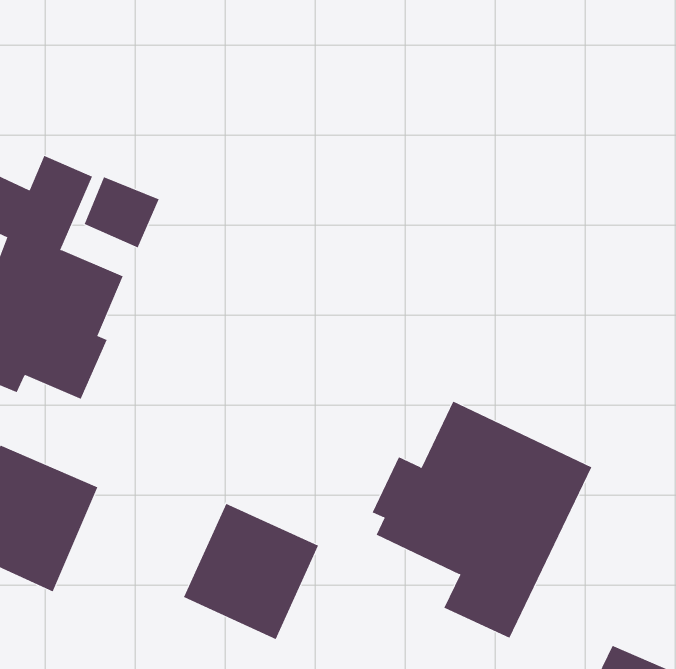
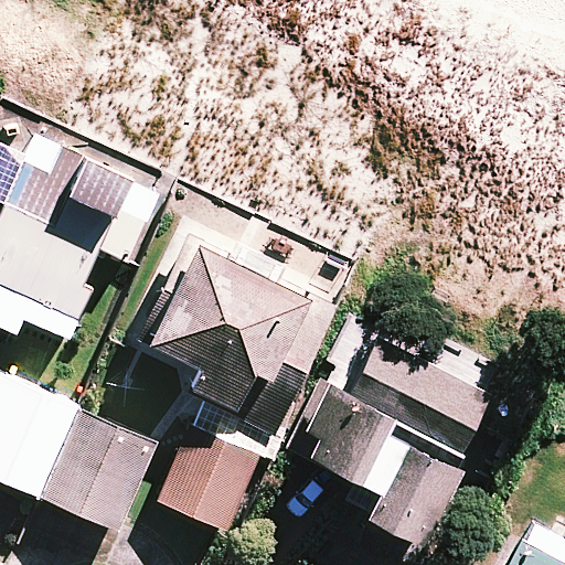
building: none -> [145,239,334,439]
building: none -> [44,413,154,531]

